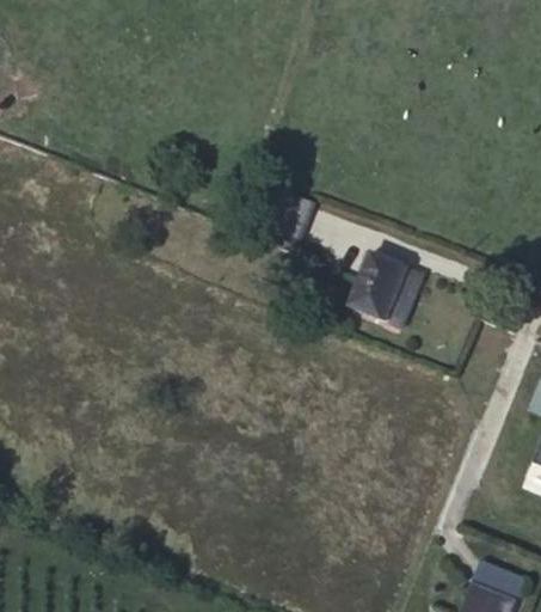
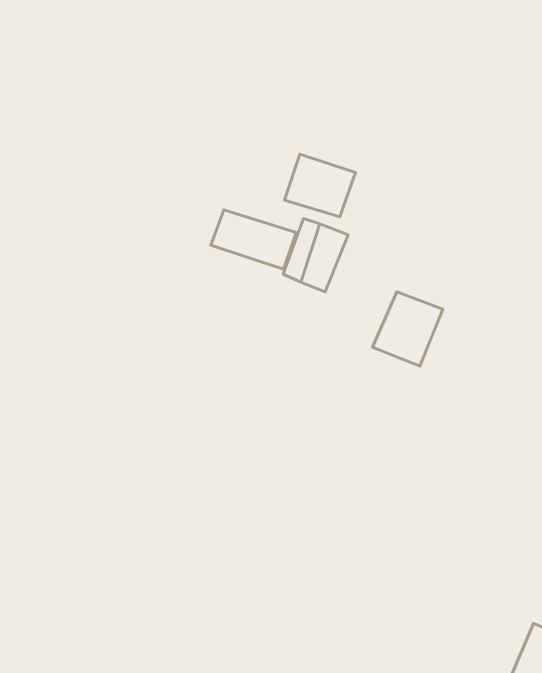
building: none -> [284,154,355,217]
building: none -> [211,210,296,269]

